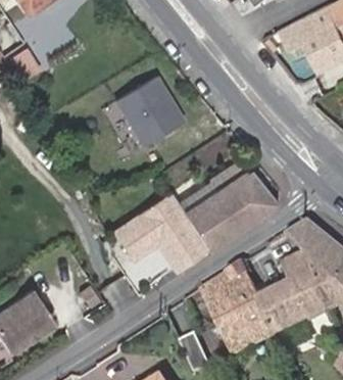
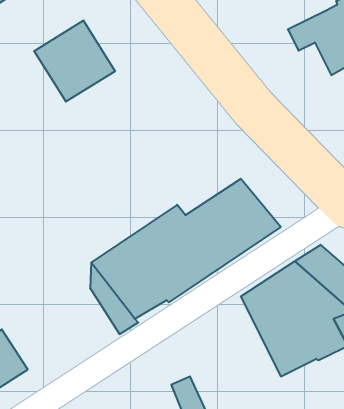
building: [114,77,185,147] -> [34,20,115,102]
building: [206,265,278,354] -> none

